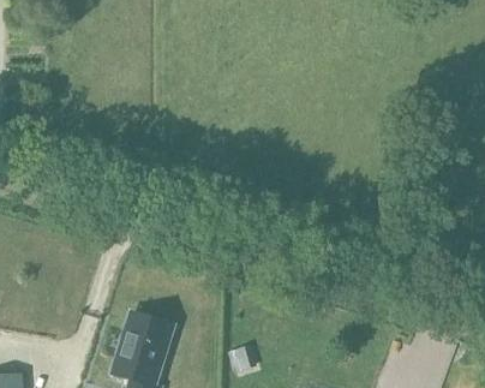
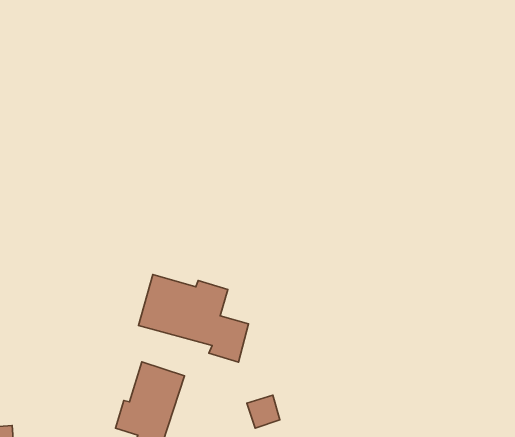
building: none -> [138,274,249,362]

